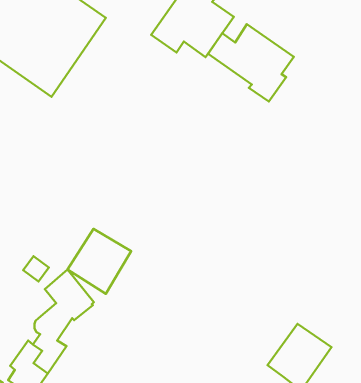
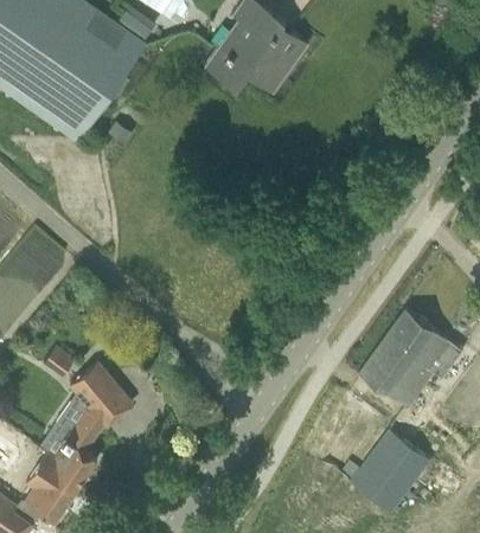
building: [208,24,294,101] -> none
building: none -> [358,309,462,406]
building: [67,229,131,294] -> none

